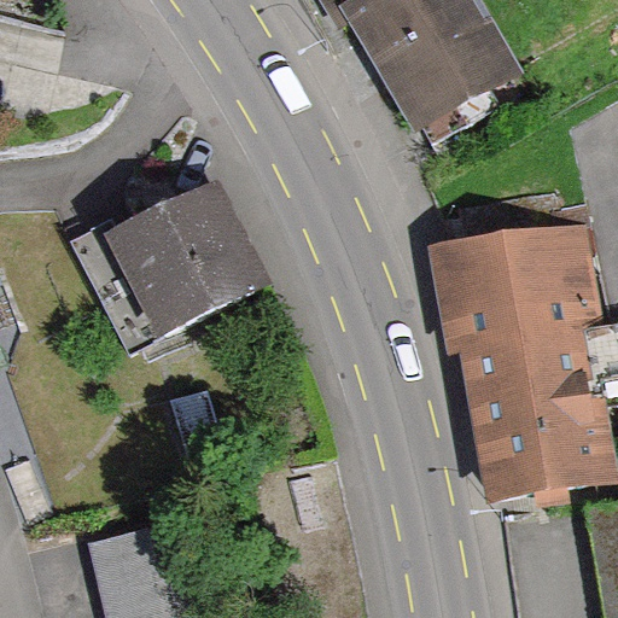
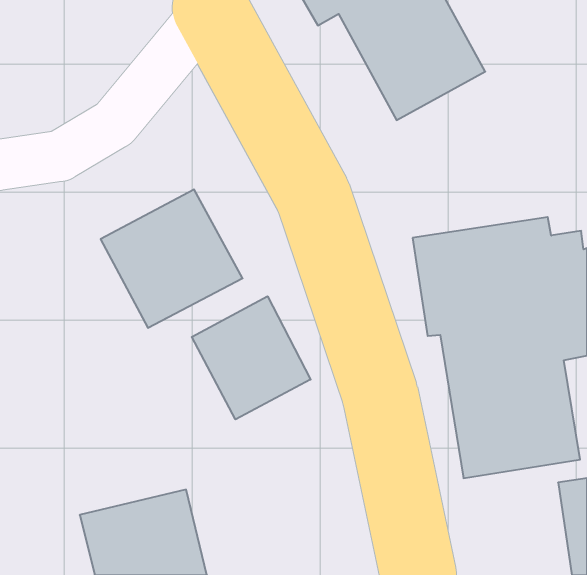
building: none -> [192,296,311,419]

